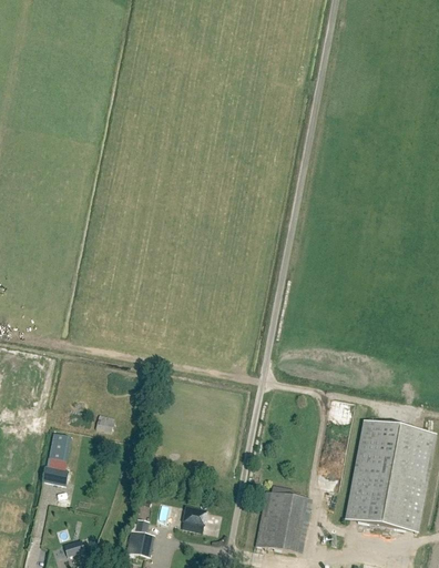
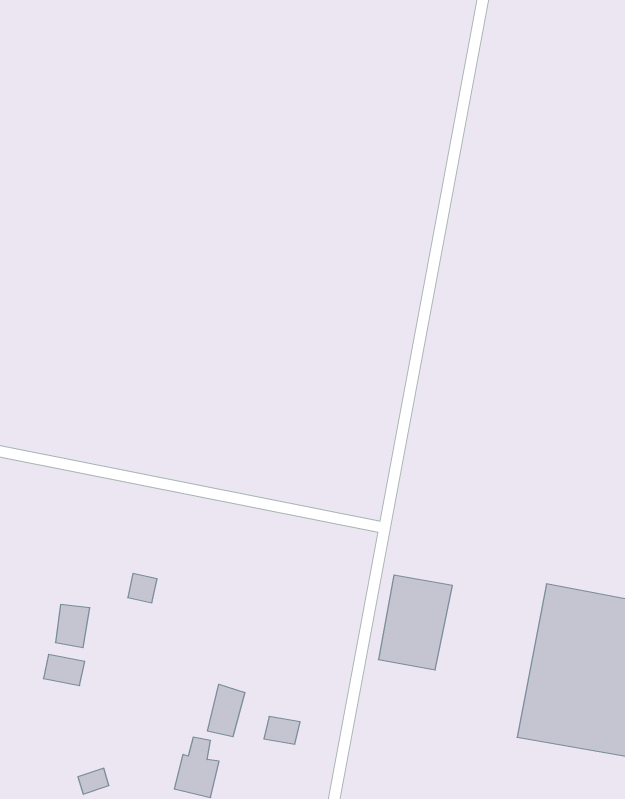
building: none -> [208,684,245,737]
building: [256,490,304,551] -> [378,575,452,670]

